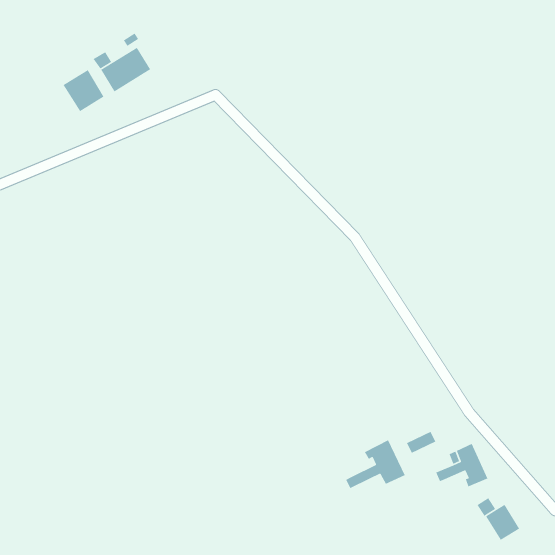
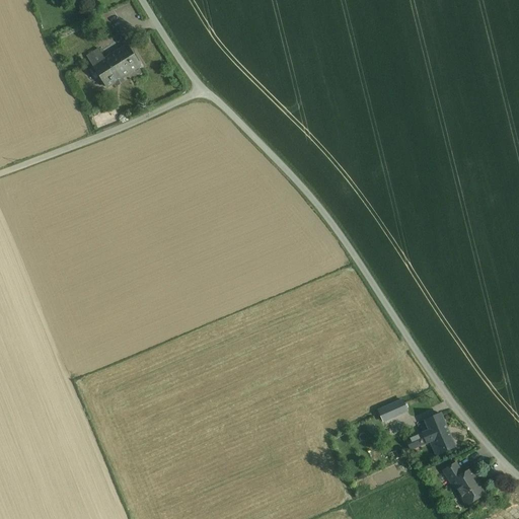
building: [63,69,104,112] -> none
building: [345,439,406,489] -> none

